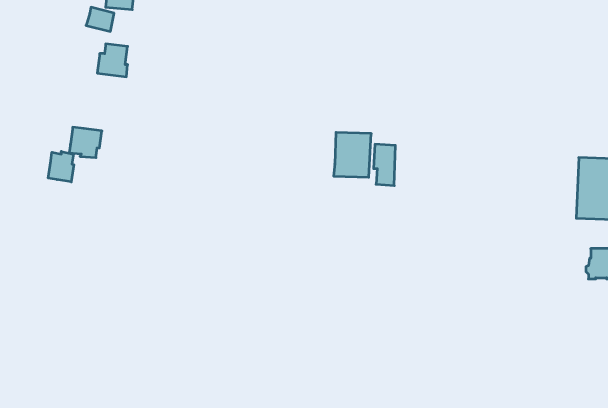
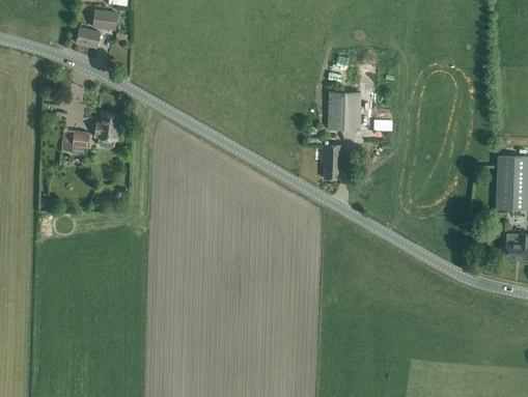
building: [97,44,128,77] -> [93,114,119,142]
building: [334,132,371,177] -> [327,92,359,131]
building: [48,151,74,182] -> none

